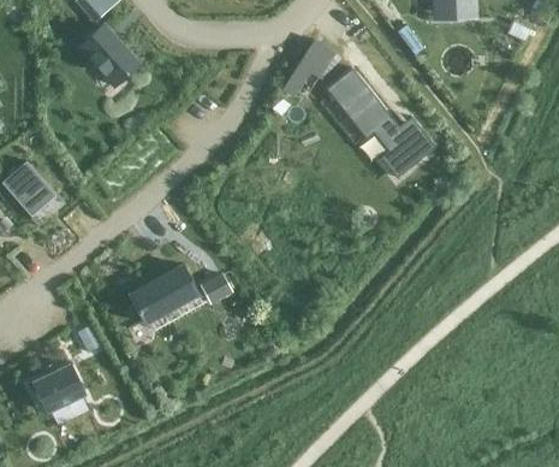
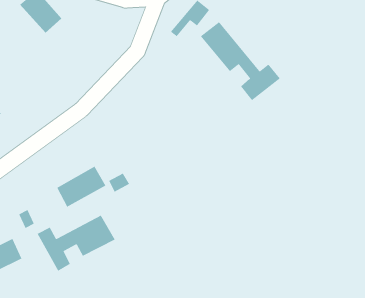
building: none -> [36,214,116,272]

